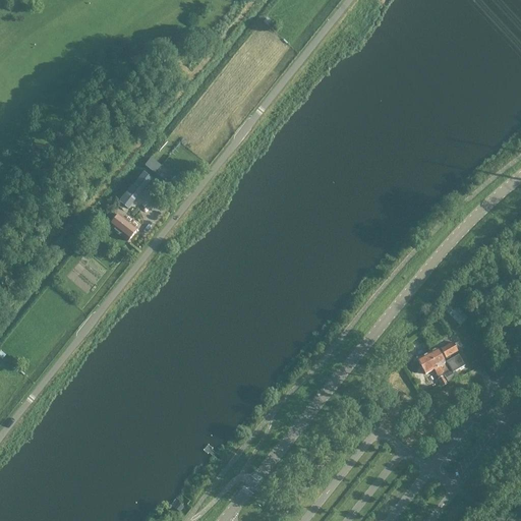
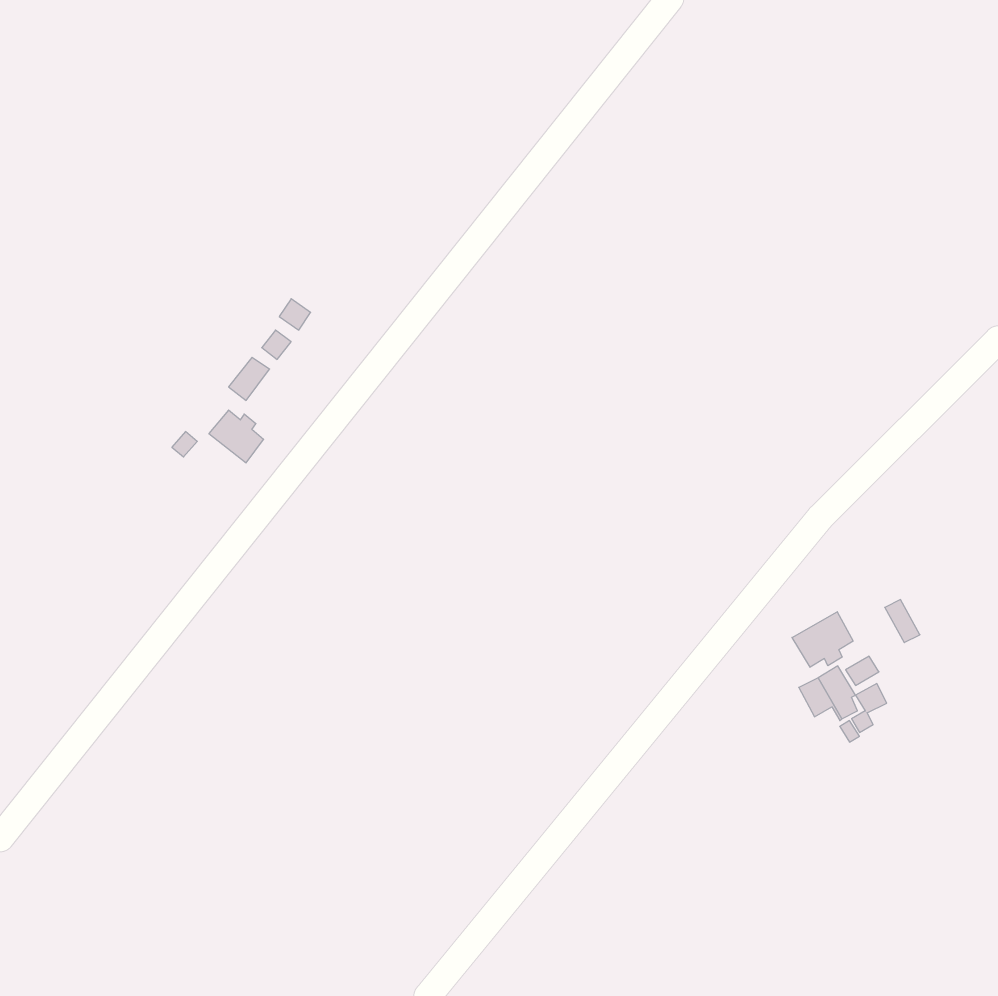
building: none -> [792,612,853,667]

